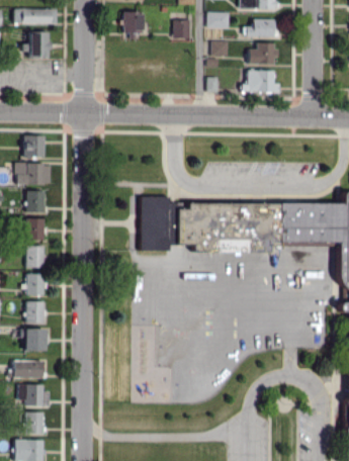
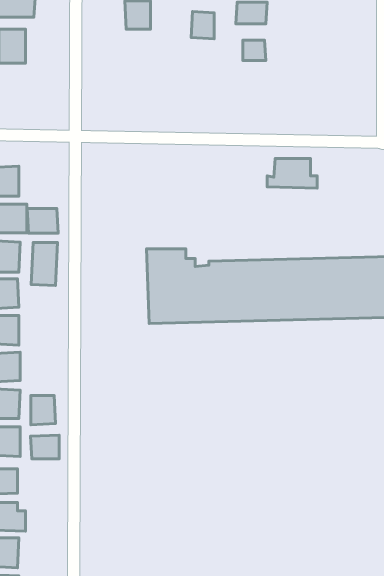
building: [246,19,275,36] -> none
building: [249,42,276,64] -> none
building: [242,70,279,92] -> [267,158,317,188]
building: none -> [27,209,58,233]
building: none -> [31,243,57,286]
building: none -> [31,396,55,425]
building: none -> [30,435,59,459]

